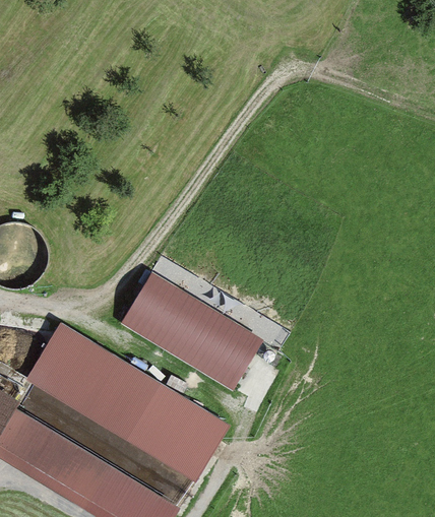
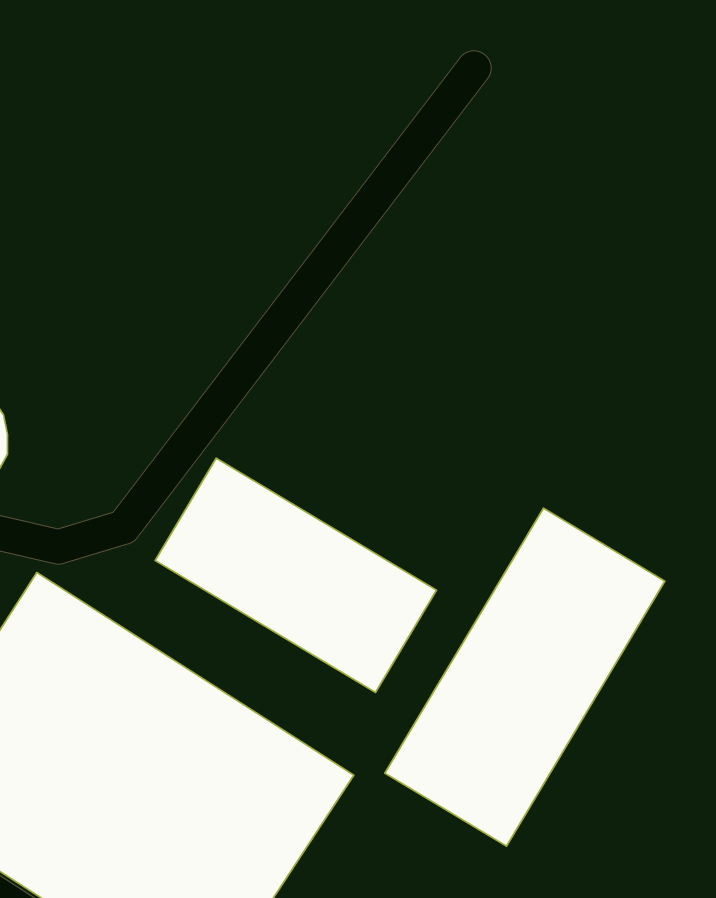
building: none -> [385,508,665,846]

